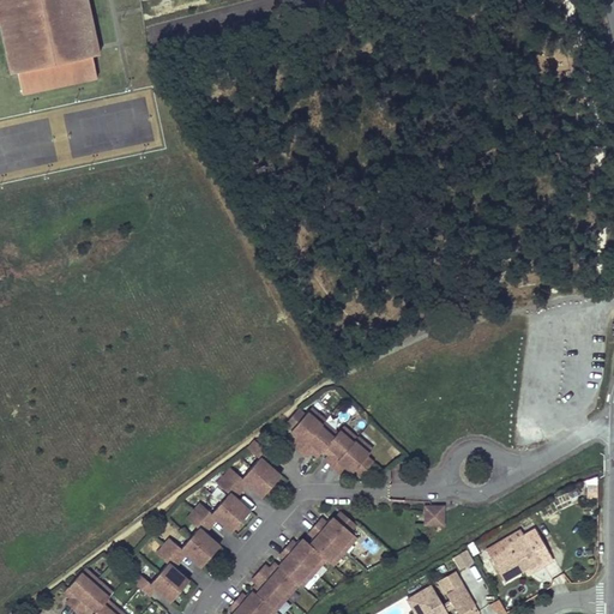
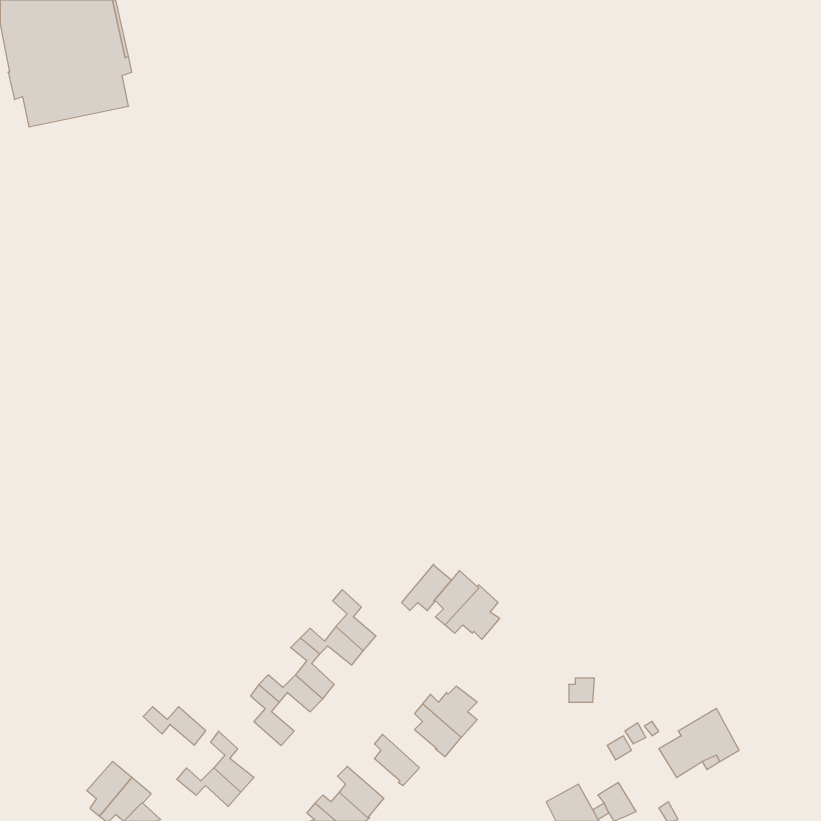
building: [285,408,325,450] -> none
building: [163,538,210,567] -> [143,707,206,745]
building: [285,538,326,573] -> none
building: [259,564,299,596] -> none

